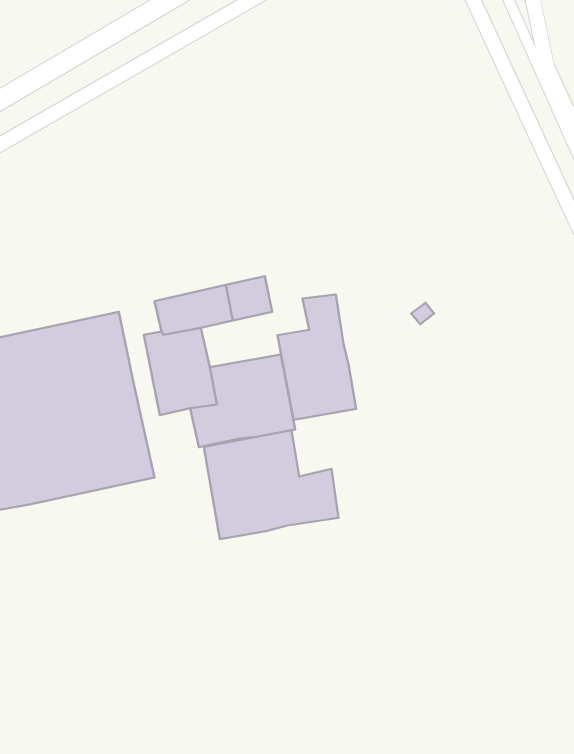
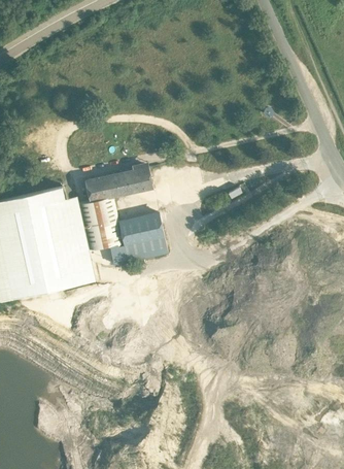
building: [278,295,356,420] -> none
building: [204,430,338,539] -> none

